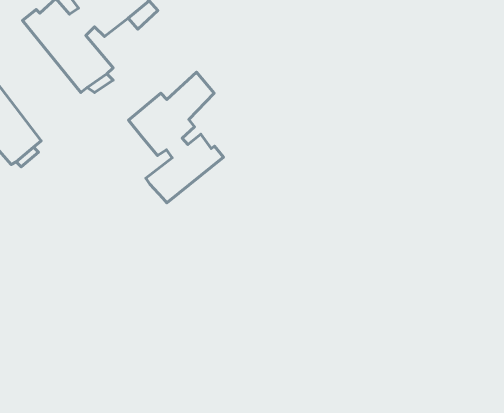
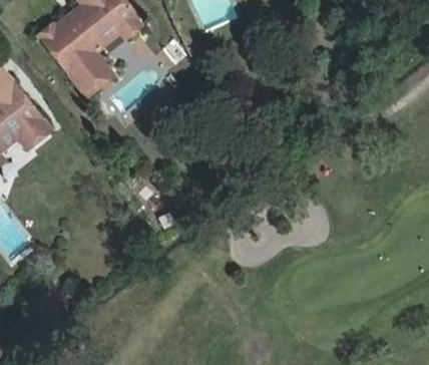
building: [128,72,223,203] -> none

